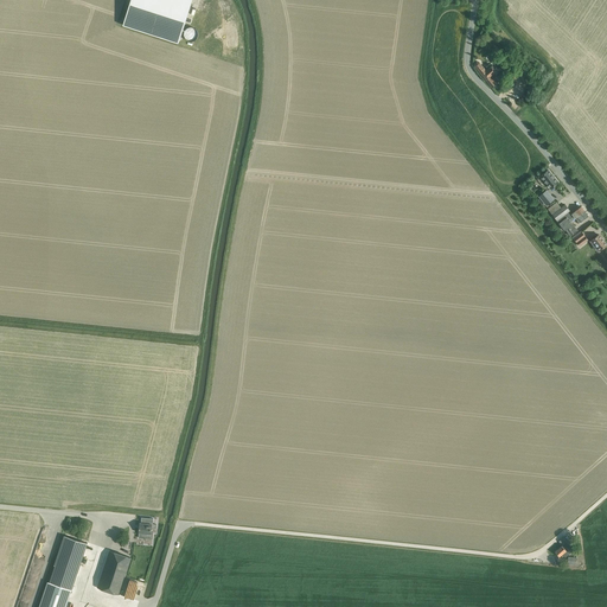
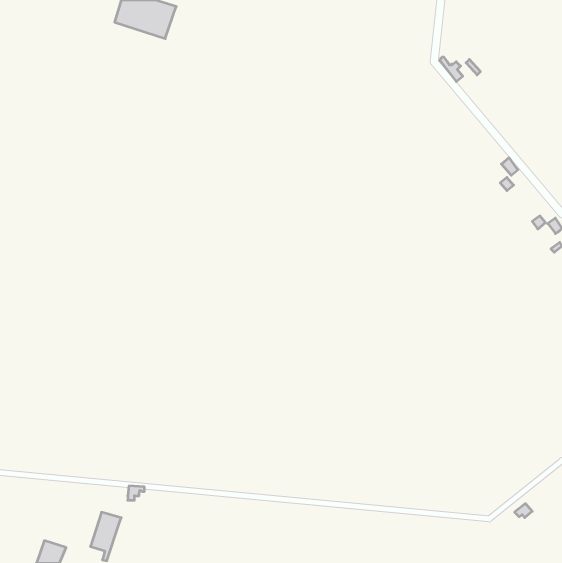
building: [547,202,588,236] -> none
building: [49,536,87,589] -> none

